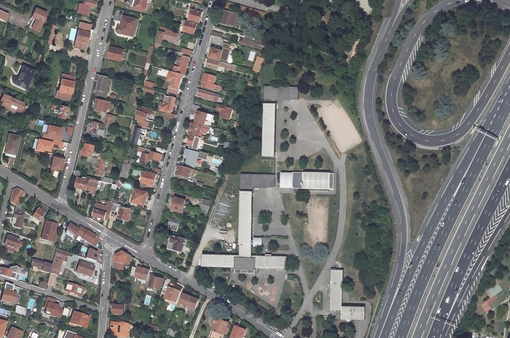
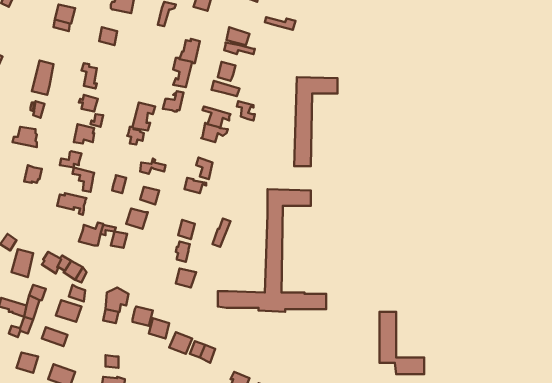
building: [282,173,334,189] -> none

